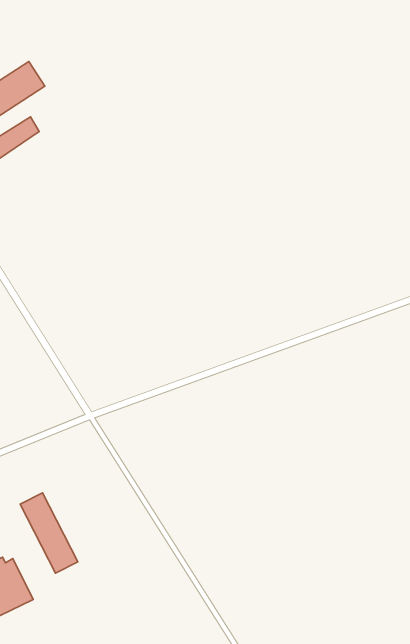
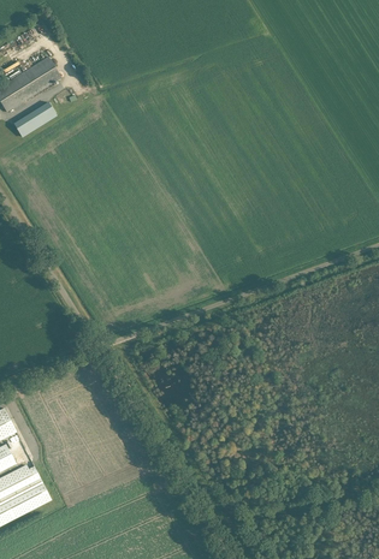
building: [20,493,78,573] -> none

